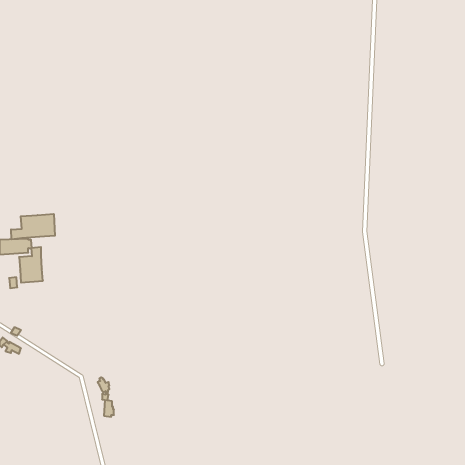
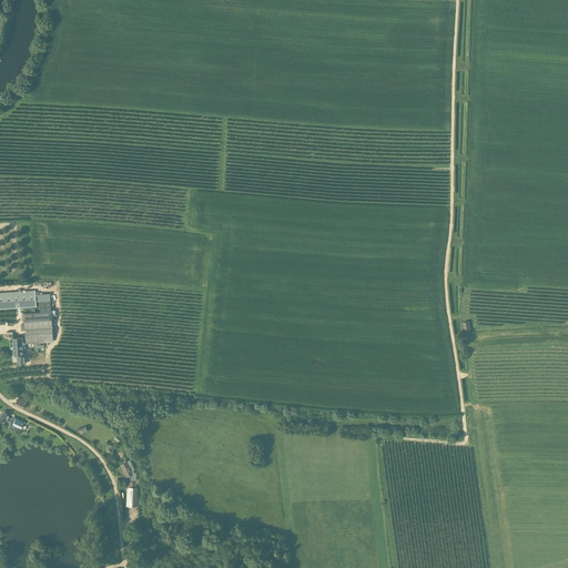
building: [11,214,55,239] -> none

